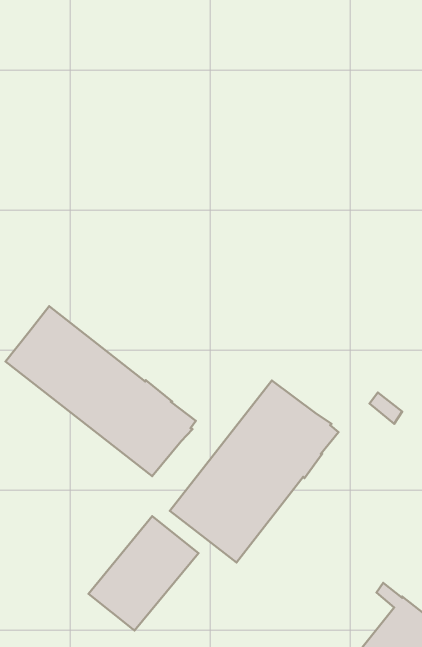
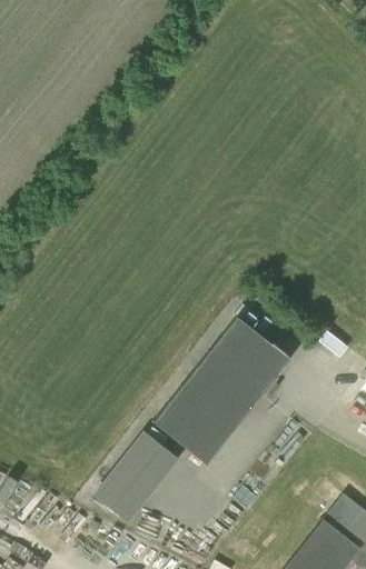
building: [6,306,196,476] -> none

